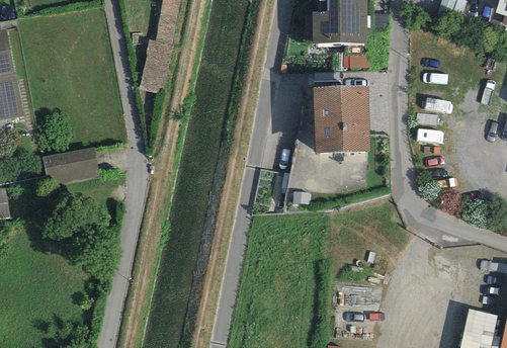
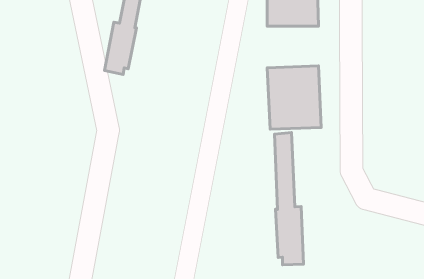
building: [40,147,99,186] -> none
building: none -> [275,132,303,265]

